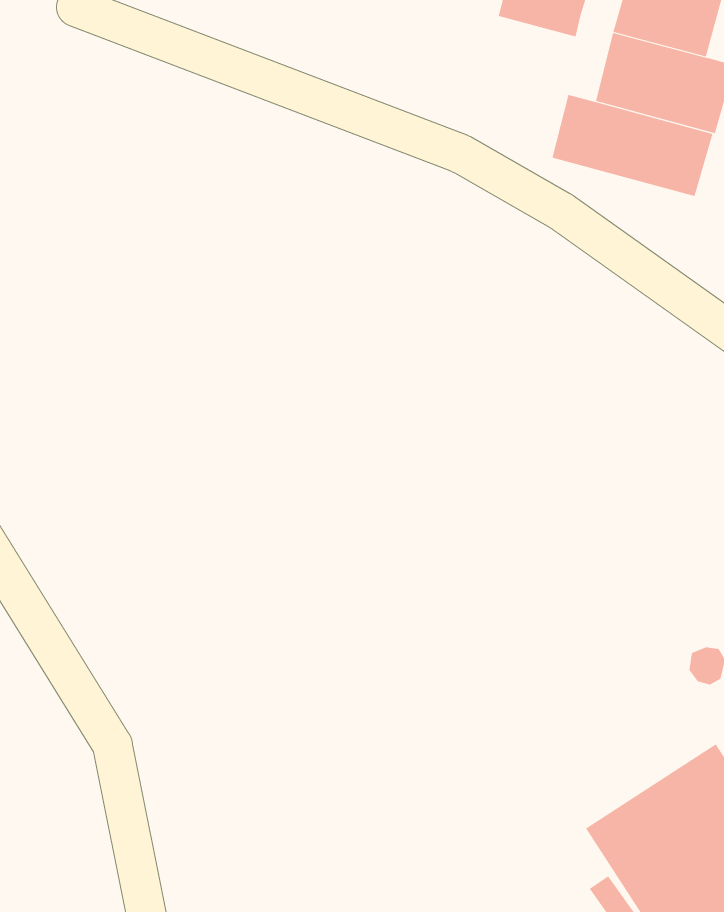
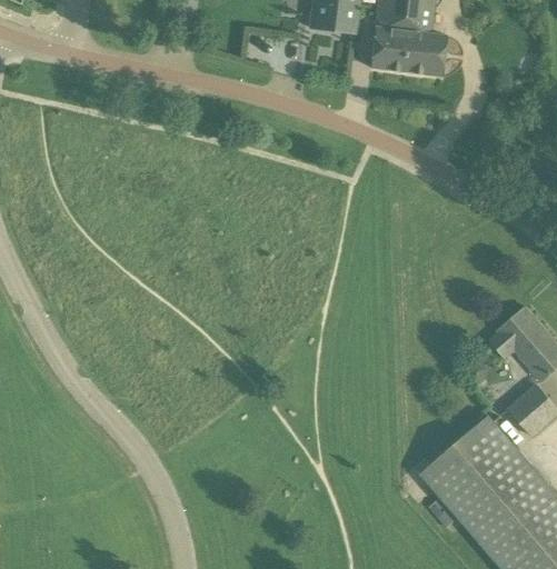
building: [552,94,713,197] -> none

